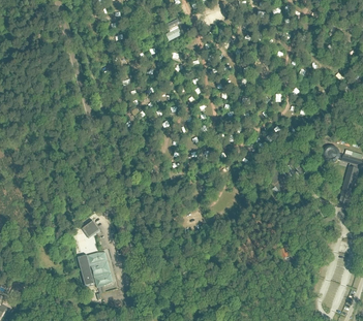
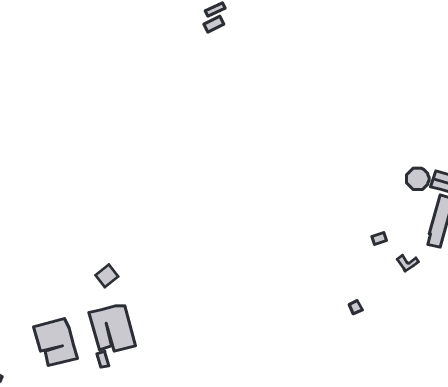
building: none -> [34,318,78,366]

